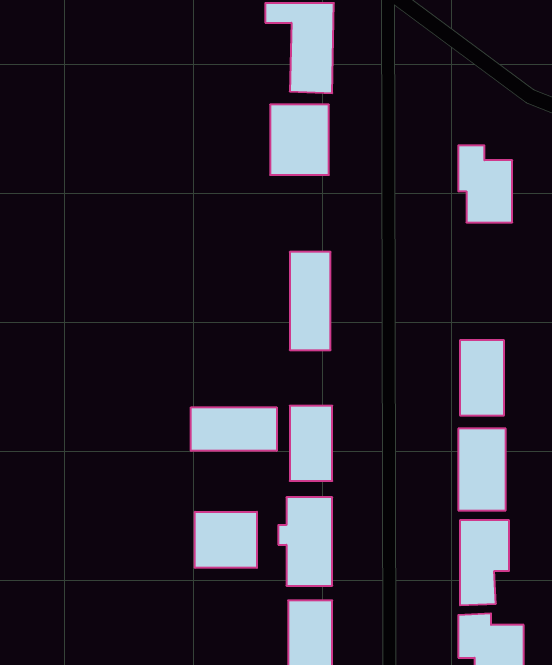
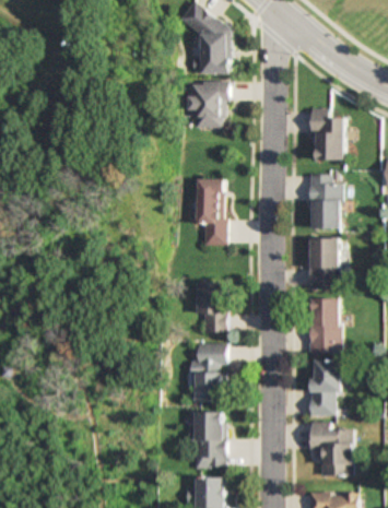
building: none -> [309,176,342,228]
building: [191,407,277,451] -> none
building: [195,512,257,568] -> none

